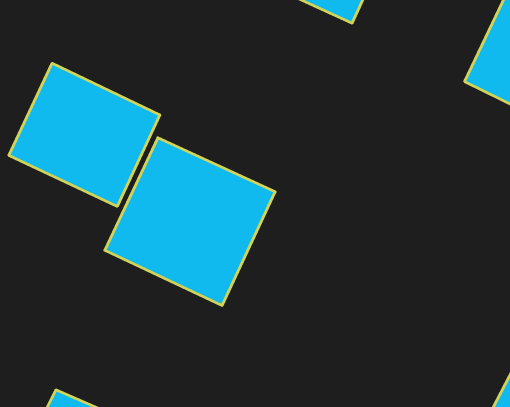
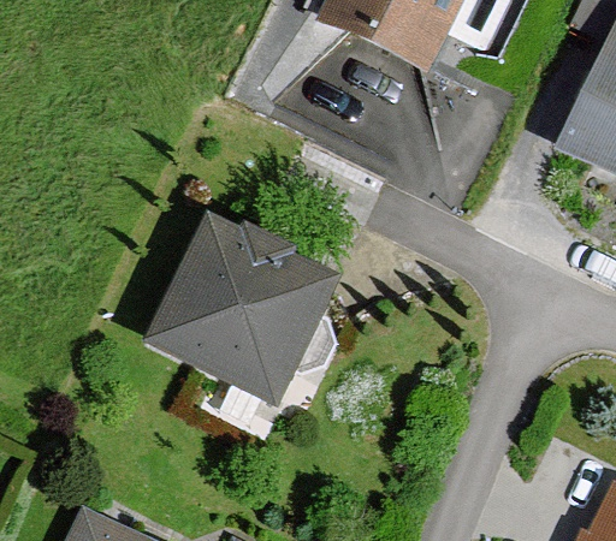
building: [9,63,160,206] -> none

